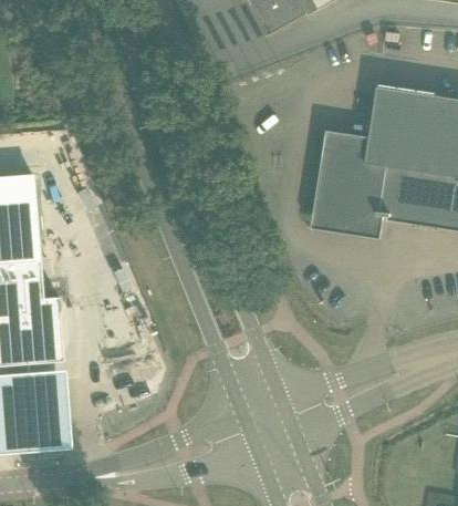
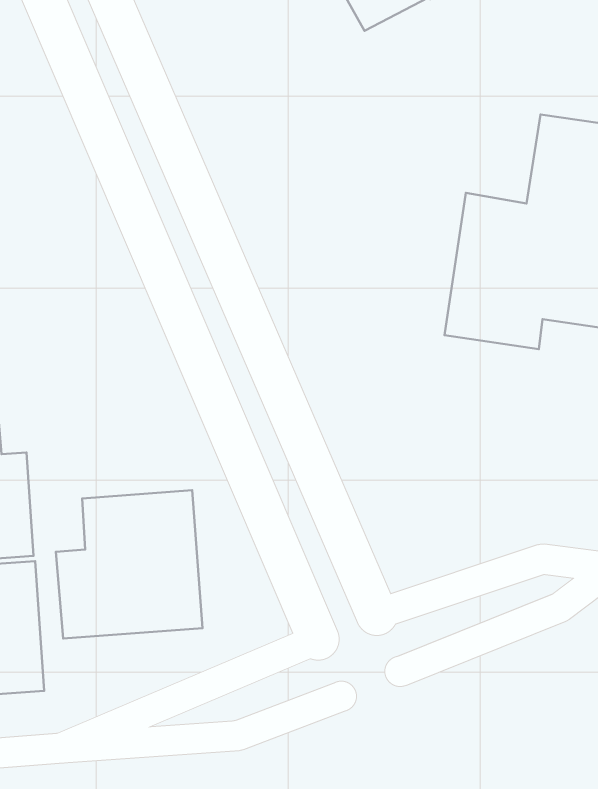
building: none -> [56,490,203,639]

